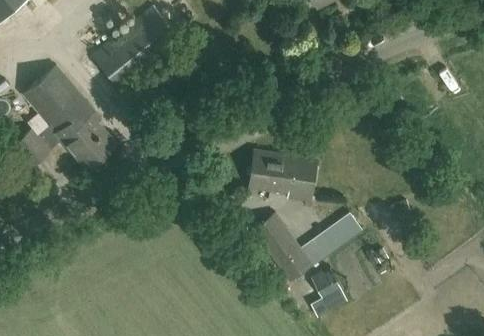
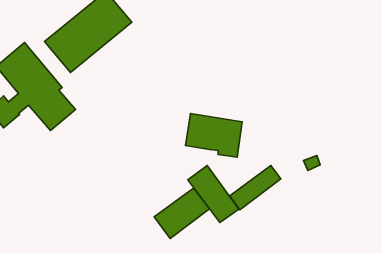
building: none -> [154,188,210,239]
building: [310,266,342,300] -> none

